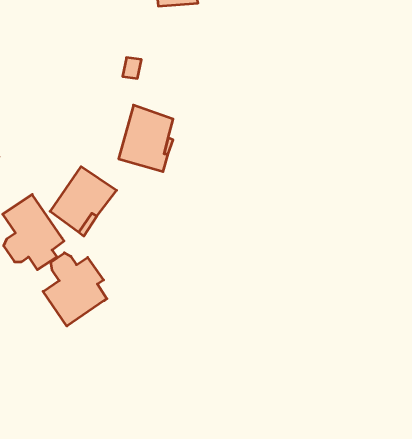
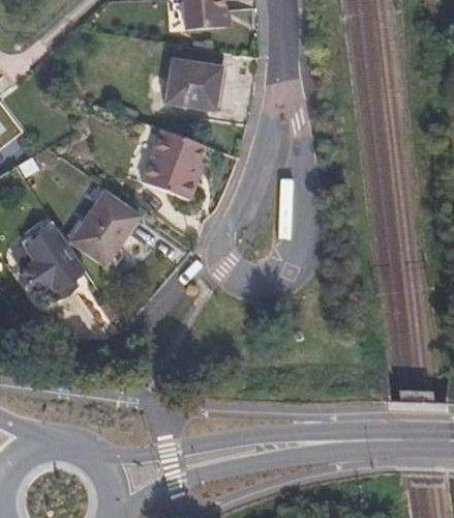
building: none -> [172,59,223,111]
building: [43,253,107,326] -> none

